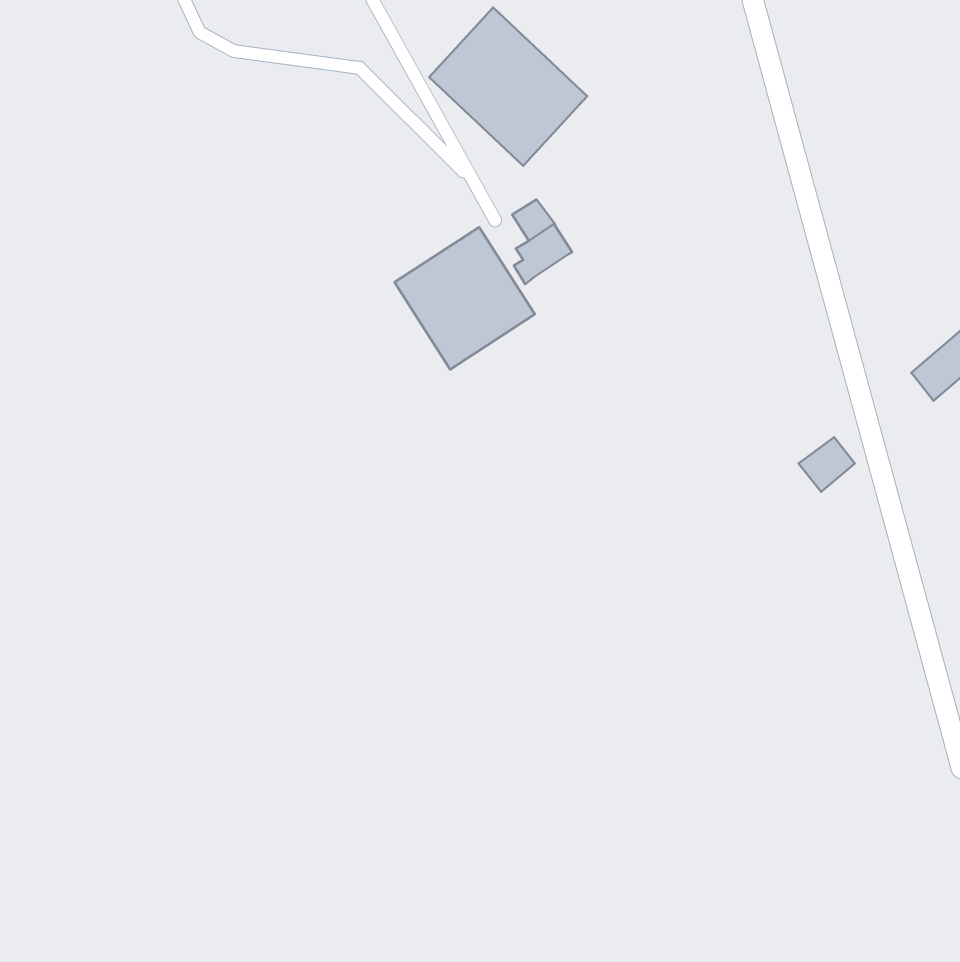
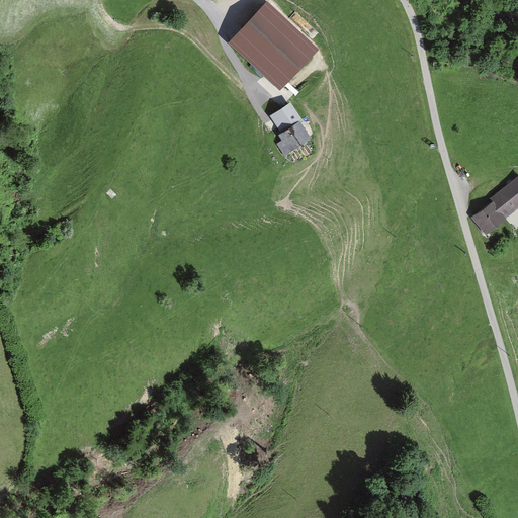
building: [394,227,535,369] -> none
building: [798,437,855,492] -> [472,201,503,231]

